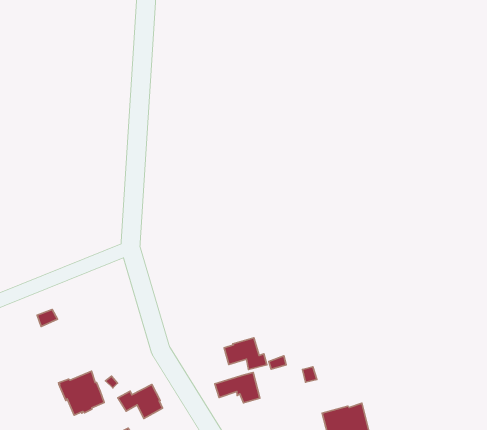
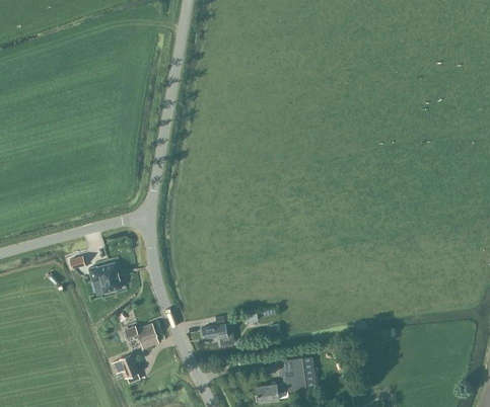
building: [224,338,267,369] -> none
building: [59,371,104,415] -> [88,262,122,295]

